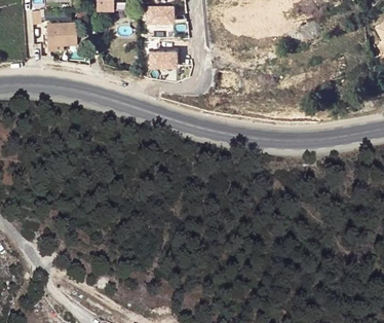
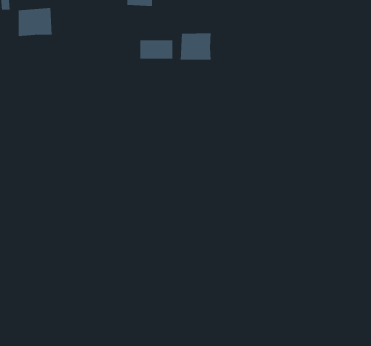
building: none -> [180,33,211,61]

